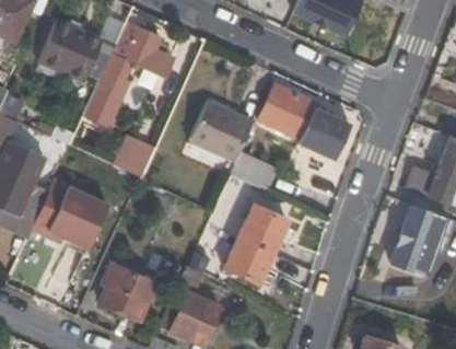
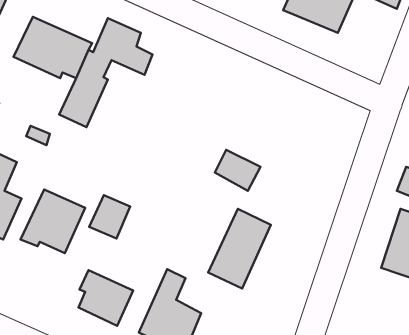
building: [258,83,348,159] -> none
building: [188,98,252,162] -> none
building: [115,136,154,177] -> [89,195,130,238]

